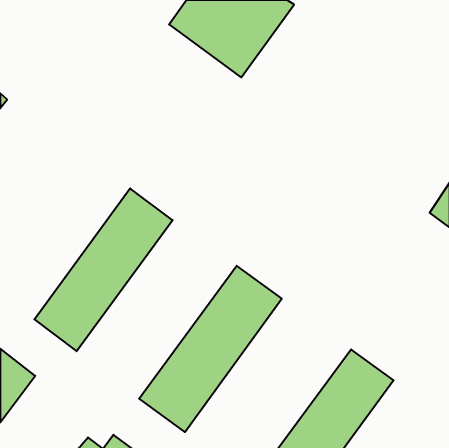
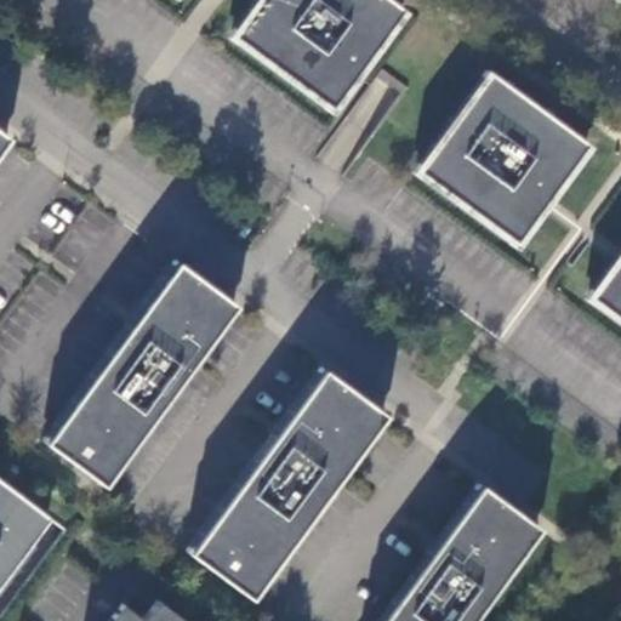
building: none -> [420,70,591,243]

